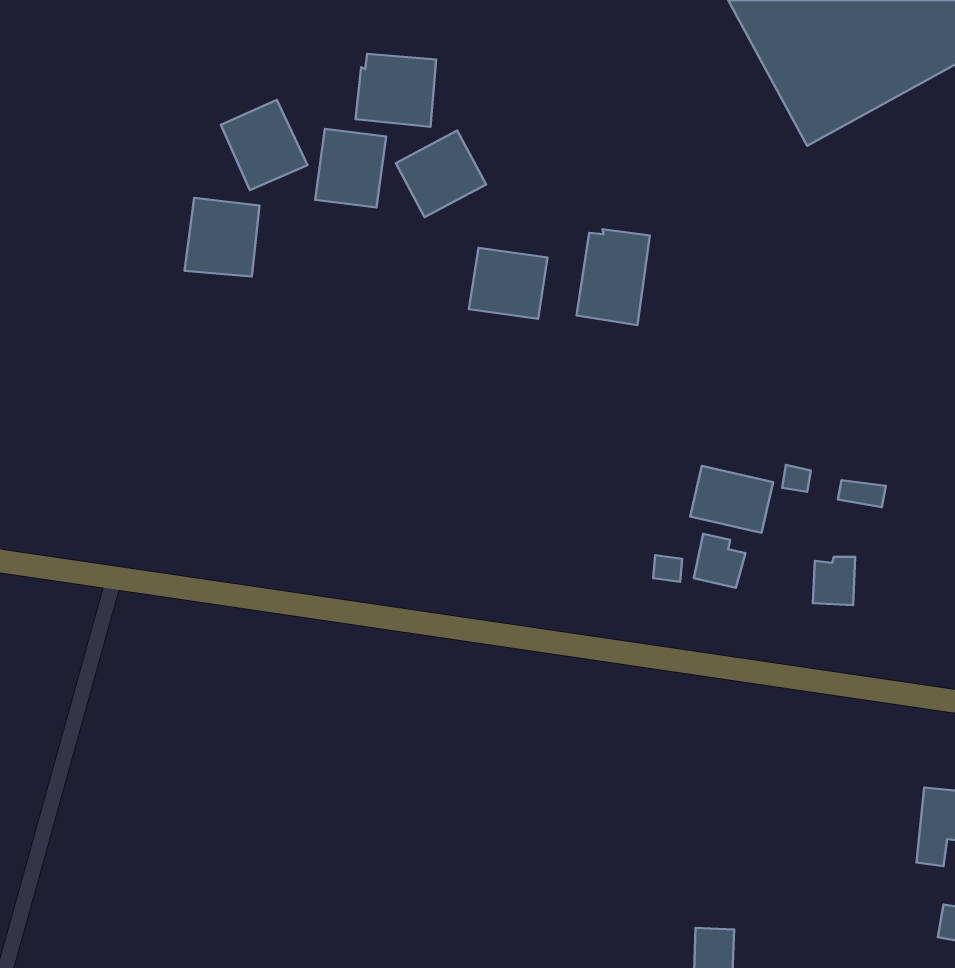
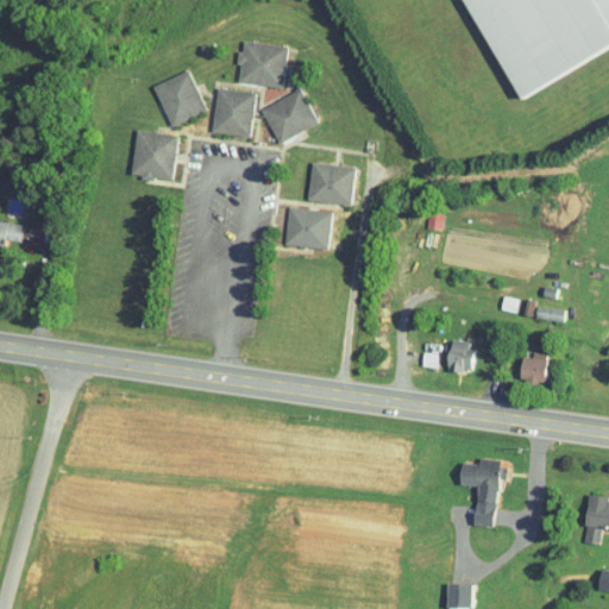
building: [577,229,650,325] -> none
building: none -> [284,206,332,250]
building: [690,466,773,533] -> none
building: none -> [459,458,500,527]

